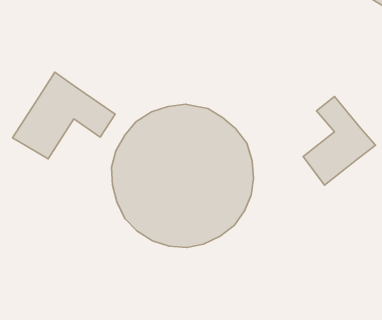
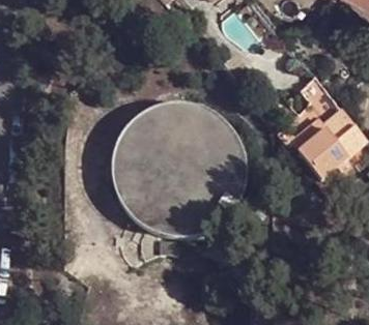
building: [13,72,115,159] -> none

